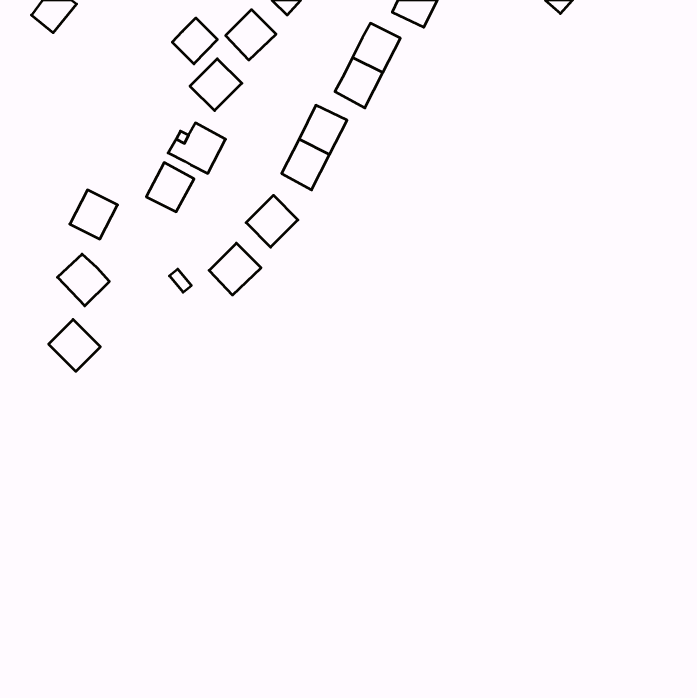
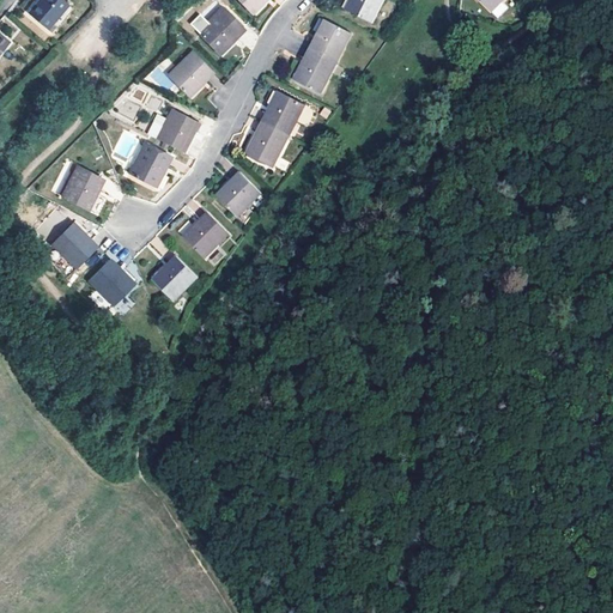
building: [172,18,217,64] -> none
building: none -> [152,256,198,301]
building: [49,319,100,371] -> [87,260,133,305]

